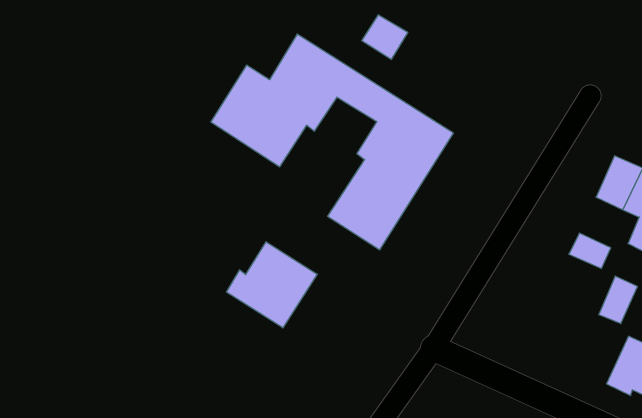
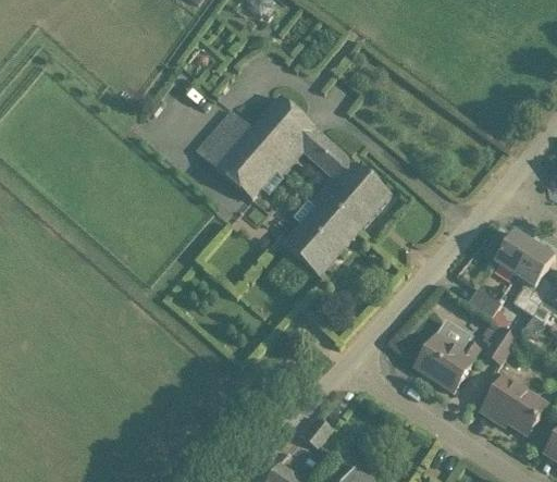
building: [362,15,408,59] -> none
building: [226,242,317,328] -> none
building: none -> [414,319,479,392]

